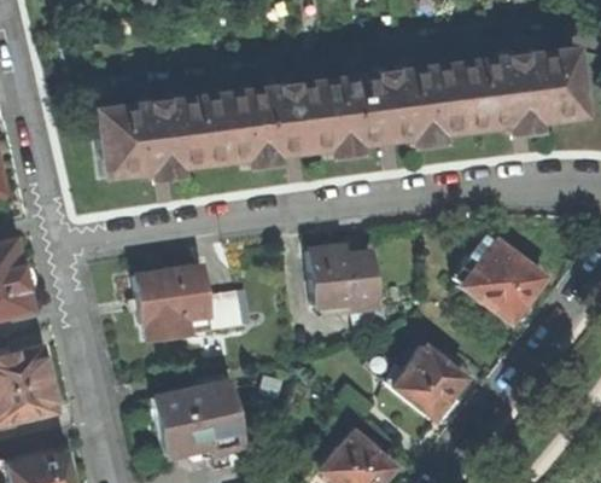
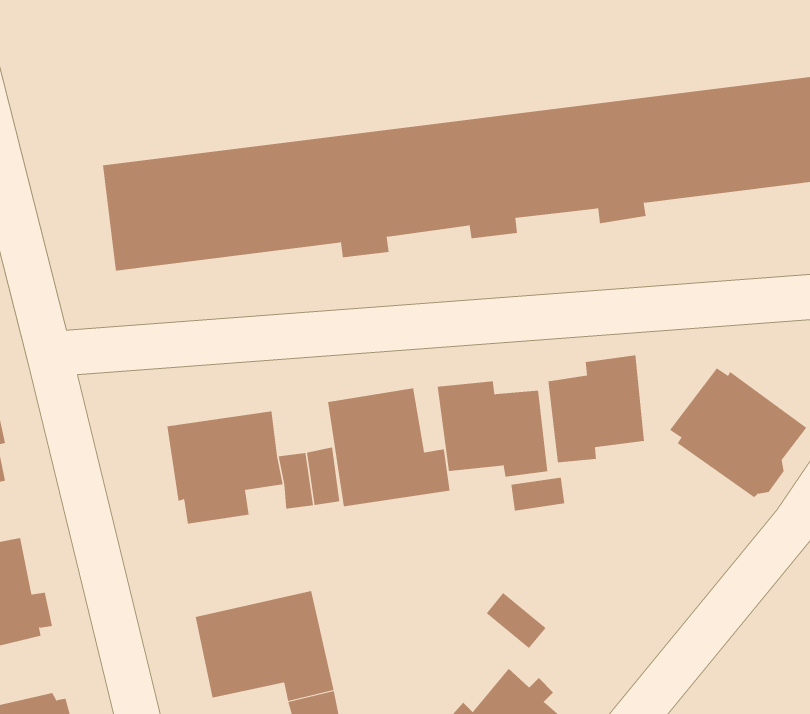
building: none -> [548,355,644,463]
building: none -> [328,387,450,507]
building: [392,345,467,419] -> none

